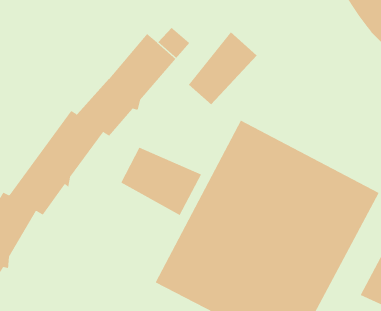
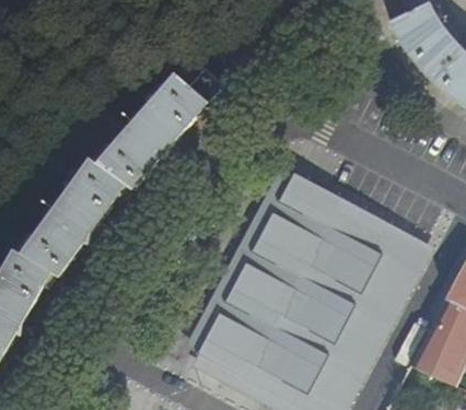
building: [188,31,258,105] -> none
building: [120,147,202,216] -> none

